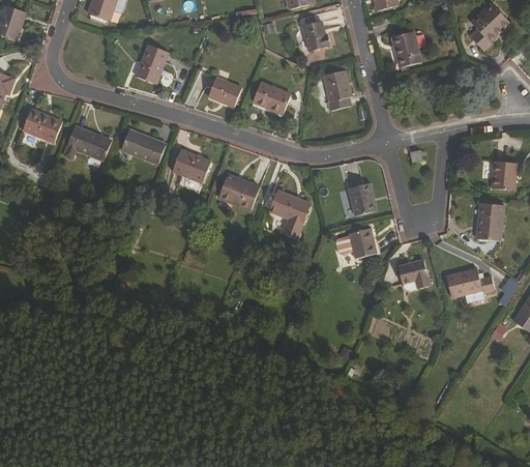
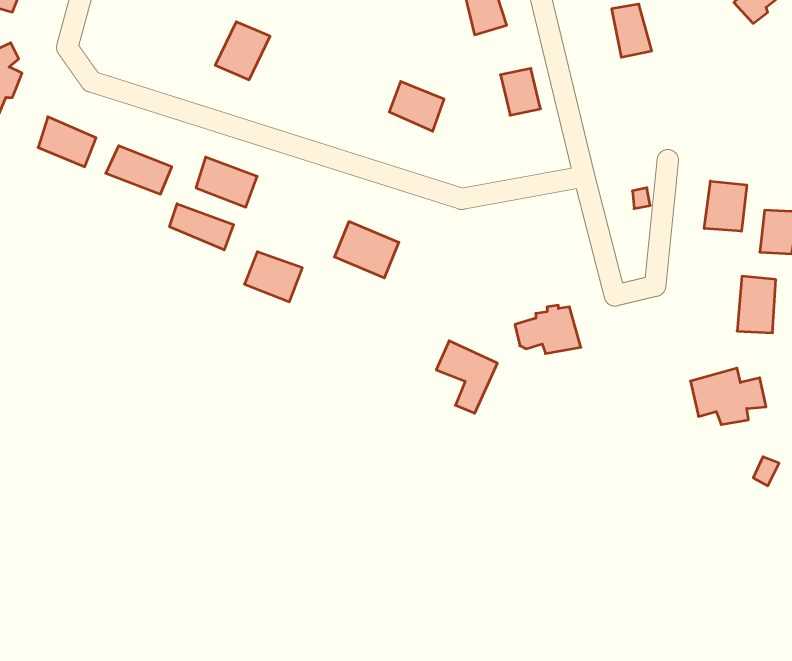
building: [207,75,239,103] -> none
building: none -> [704,181,747,231]
building: [176,151,213,183] -> [244,252,302,302]
building: none -> [170,204,234,250]
building: [345,182,372,216] -> none
building: [270,193,310,239] -> [436,341,497,413]
building: [401,260,425,287] -> none

